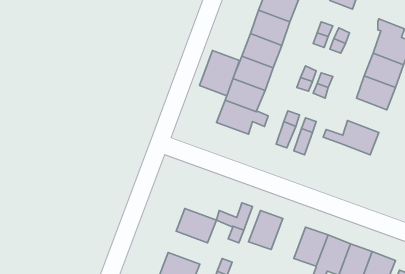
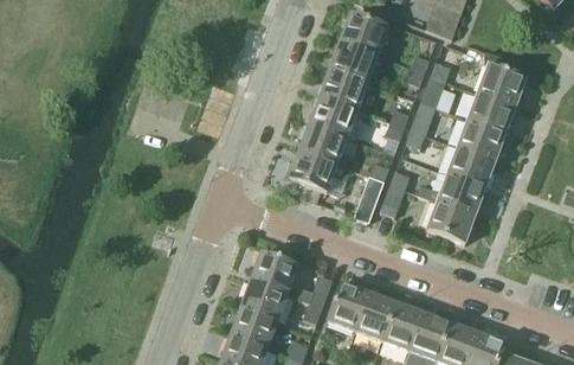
building: [200,50,240,96] -> none
building: none -> [447,147,495,188]
building: none -> [427,201,475,242]
building: none -> [251,251,299,295]
building: none -> [355,293,396,341]
building: none -> [231,308,278,348]

